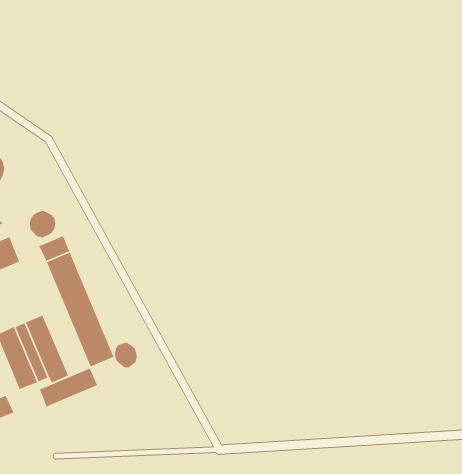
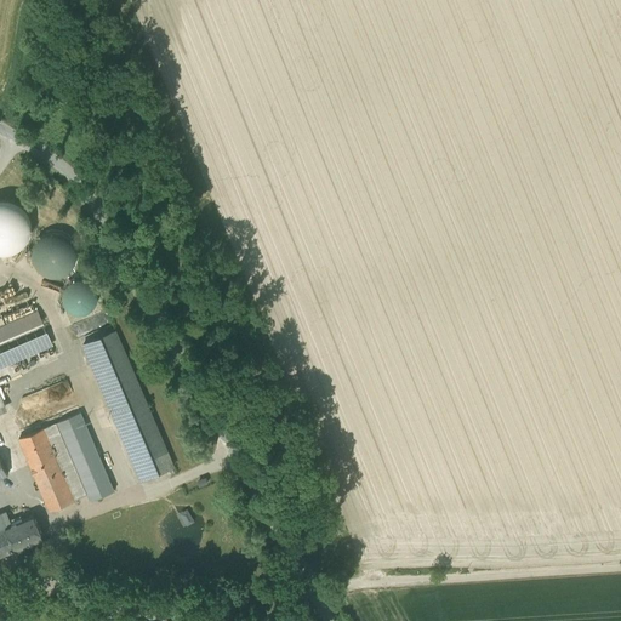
building: none -> [32,234,78,279]
building: [114,342,138,368] -> none
building: [39,367,98,408] -> none

